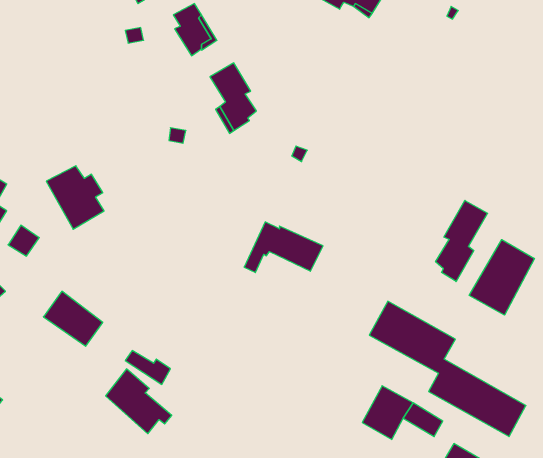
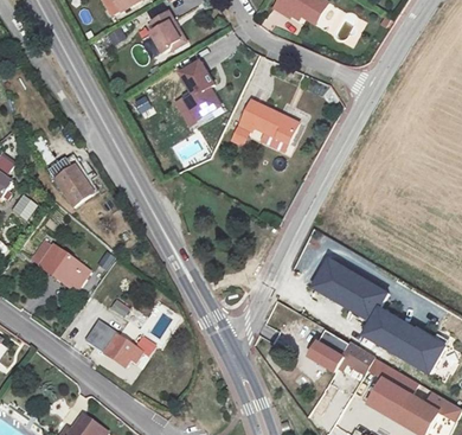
building: [436,200,488,282] -> none
building: [244,222,323,273] -> [233,97,300,140]
building: [469,240,534,315] -> none

